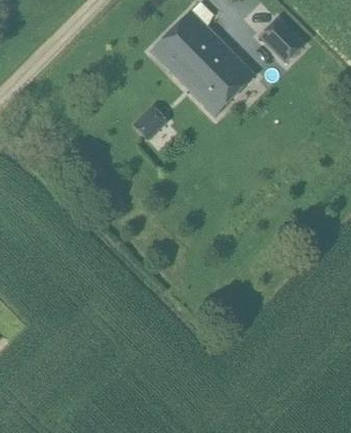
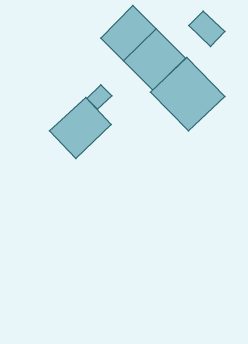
building: none -> [151,58,225,131]
building: none -> [50,97,111,159]

